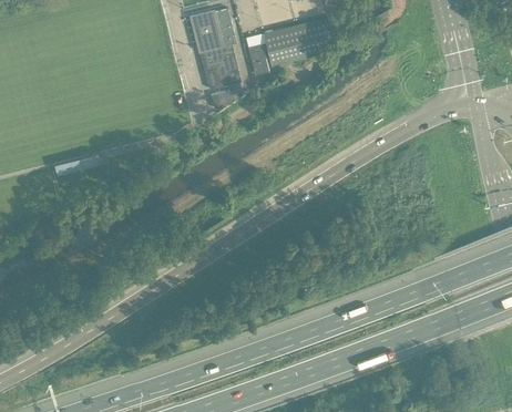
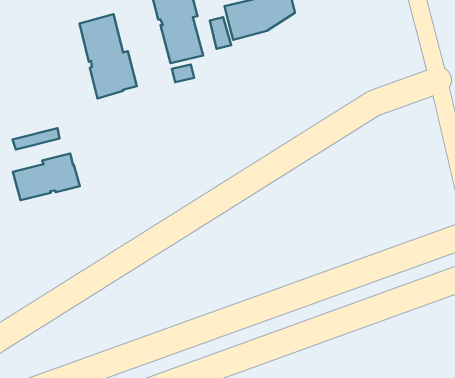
building: none -> [79,14,137,98]
building: none -> [13,153,80,200]

